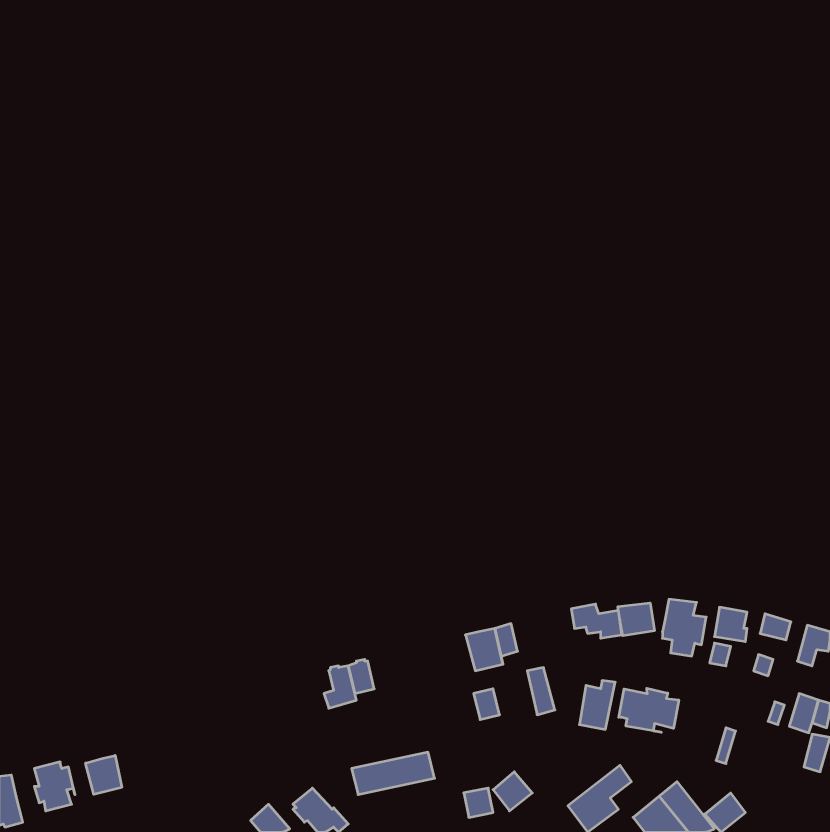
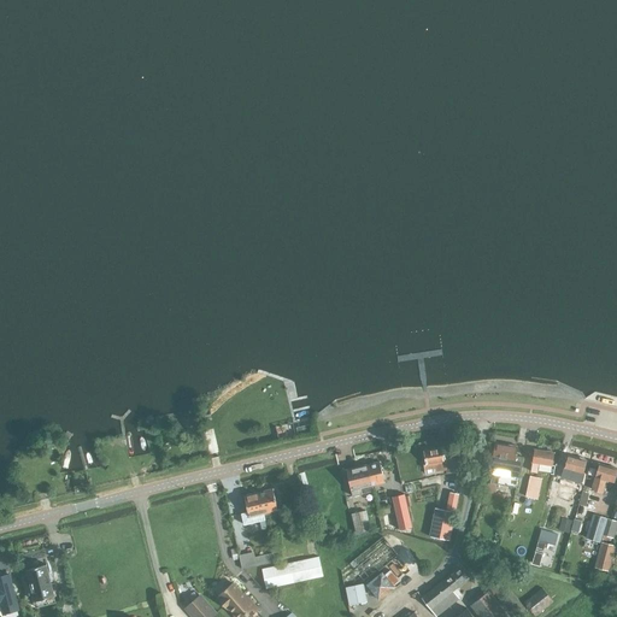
building: [618,603,654,636] -> none
building: [619,688,679,732] -> none
building: [86,755,122,794] -> none

